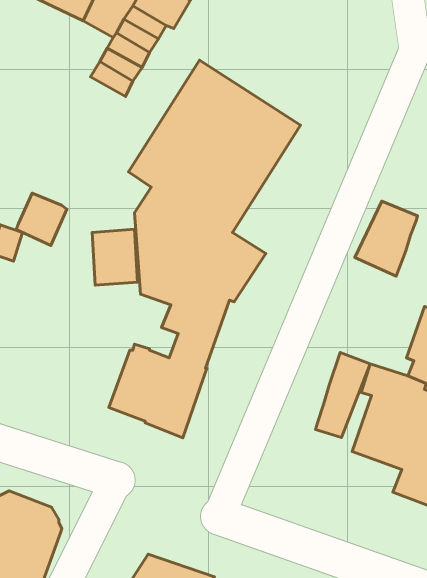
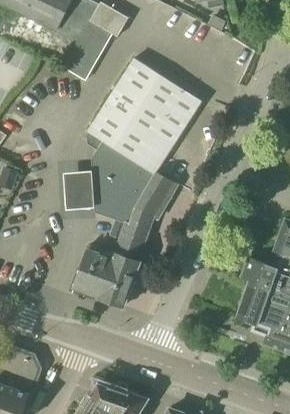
building: [16,193,67,245] -> none
building: [355,201,418,276] -> none
building: [315,353,370,437] -> none

